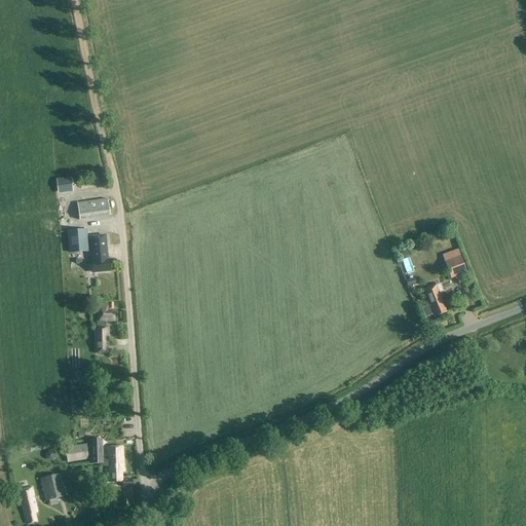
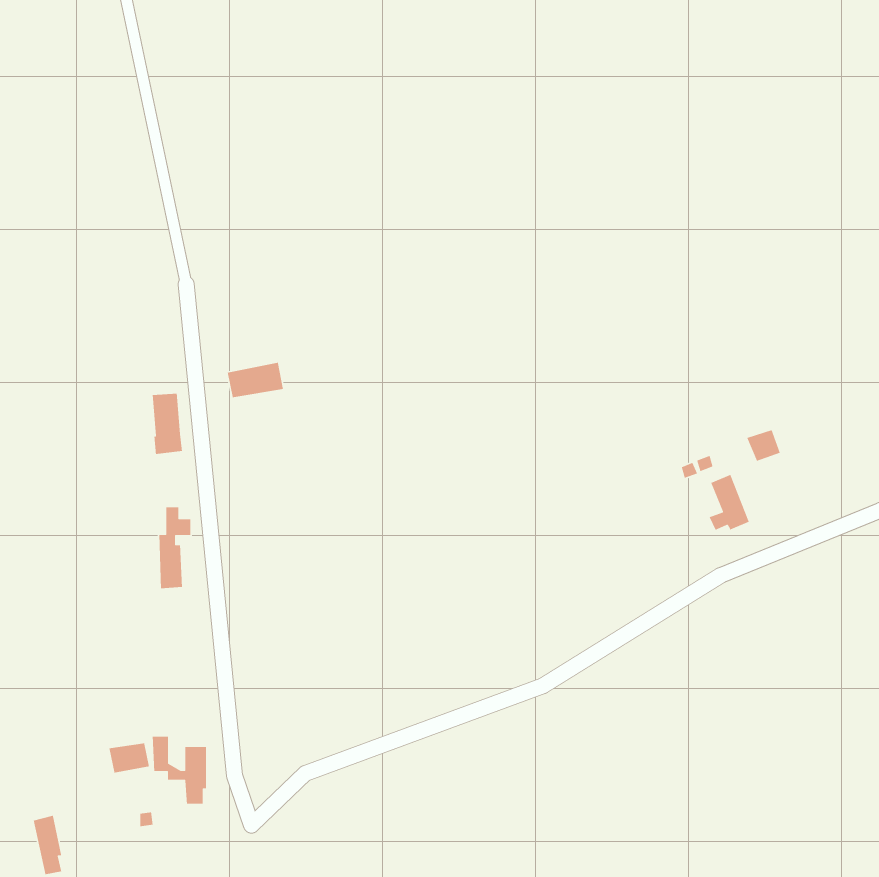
building: [77,196,111,218] -> [227,362,284,398]
building: [69,229,88,251] -> none
building: [41,472,67,498] -> none

